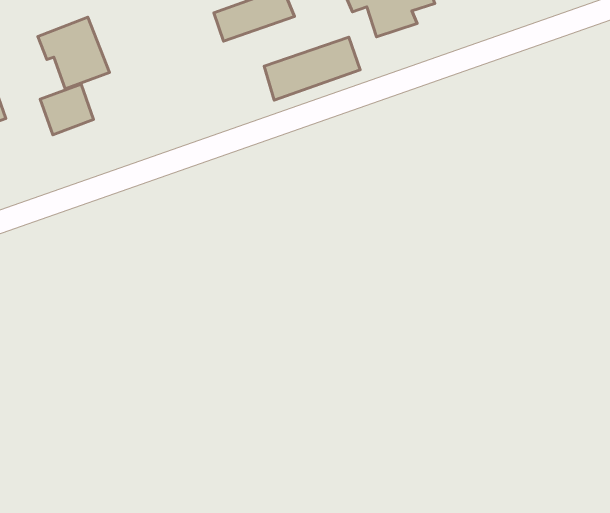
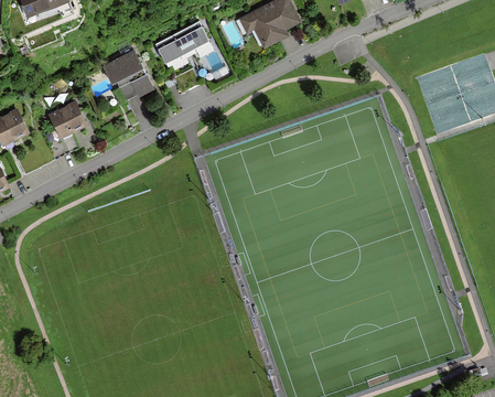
building: [38,17,110,89] -> [103,50,152,98]
building: [264,37,360,100] -> none

